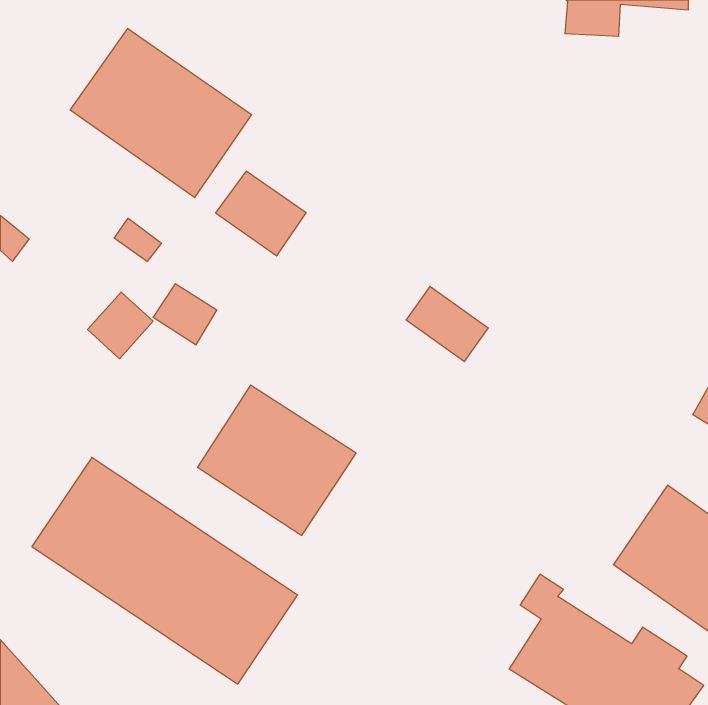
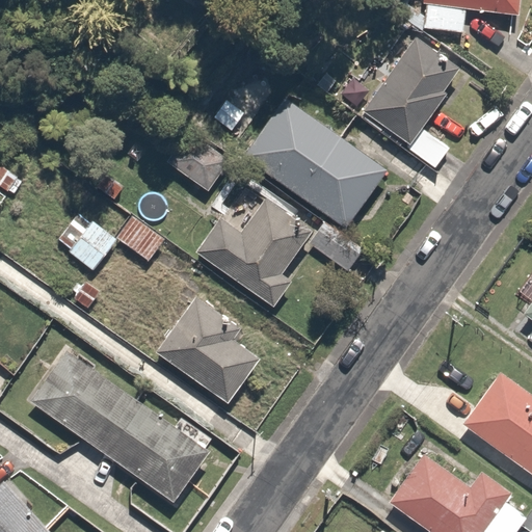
building: [70,28,252,198] -> none
building: none -> [358,33,464,171]
building: none -> [243,96,385,227]
building: none -> [197,197,308,307]

